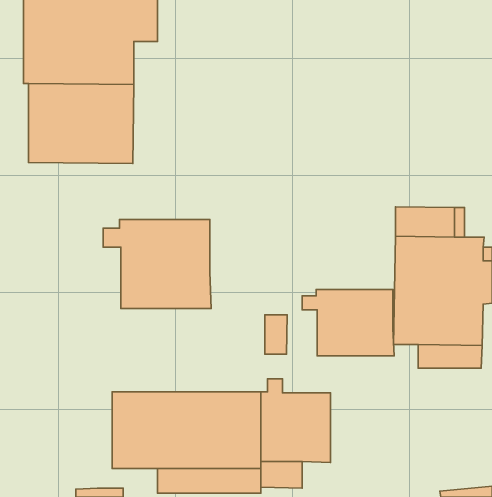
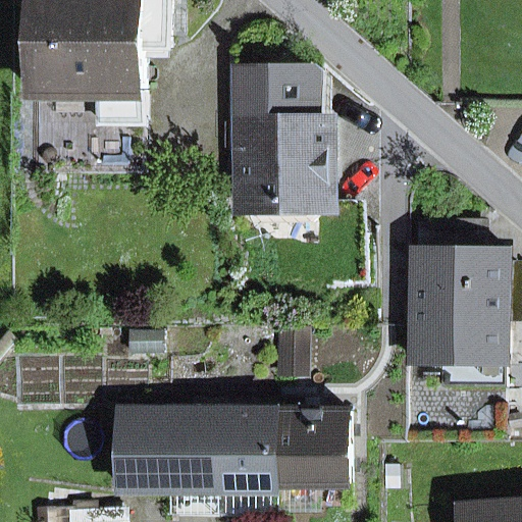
building: none -> [234,66,325,217]
building: [103,219,211,309] -> none
building: [302,289,394,356] -> none

